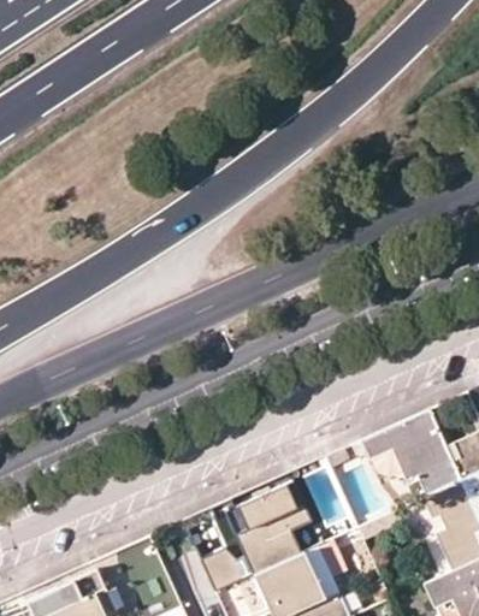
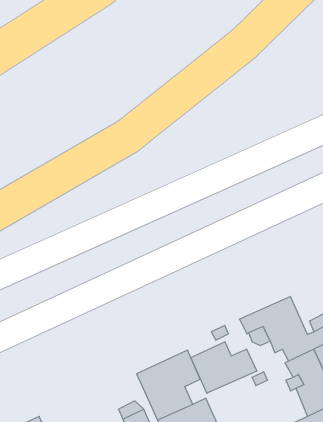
building: none -> [191,342,257,393]

